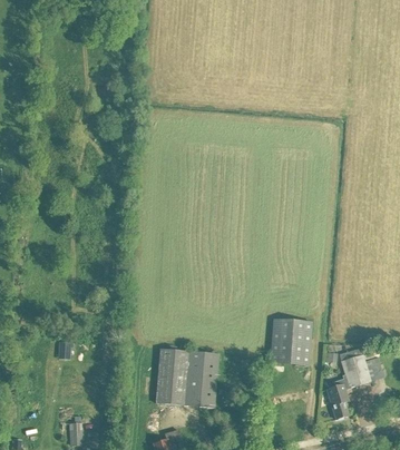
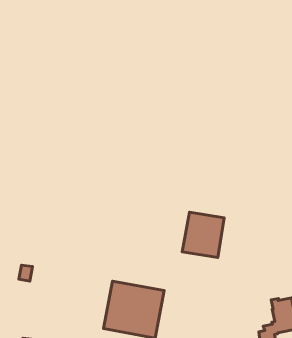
building: [269,320,311,366] -> [182,212,224,258]

